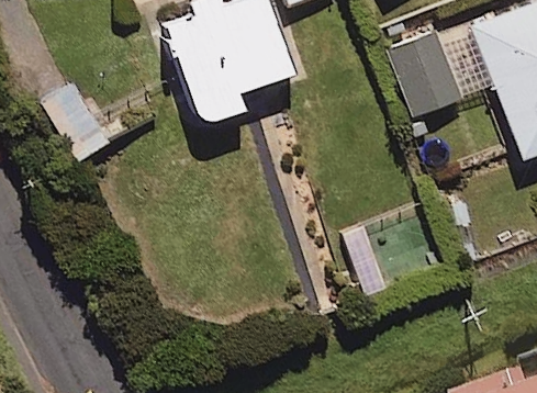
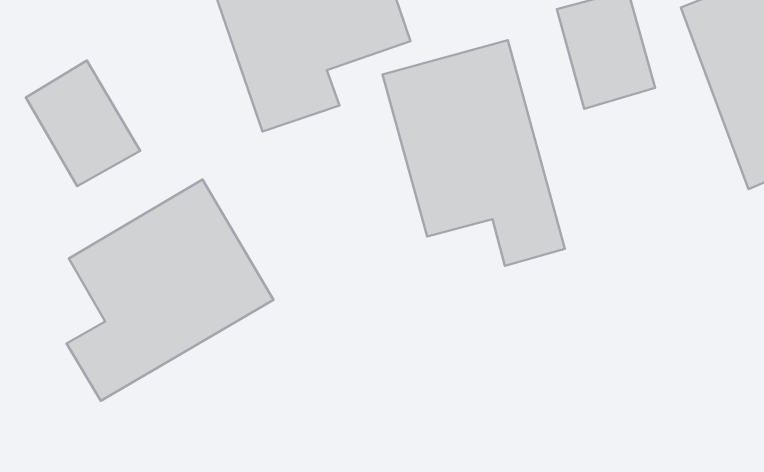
building: none -> [383,40,565,266]
building: none -> [66,179,273,401]

